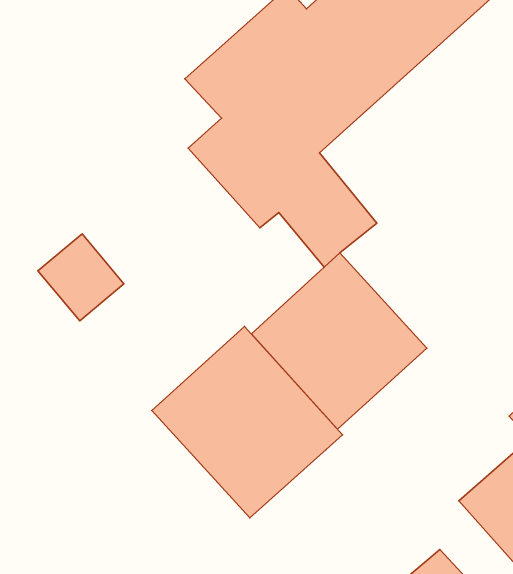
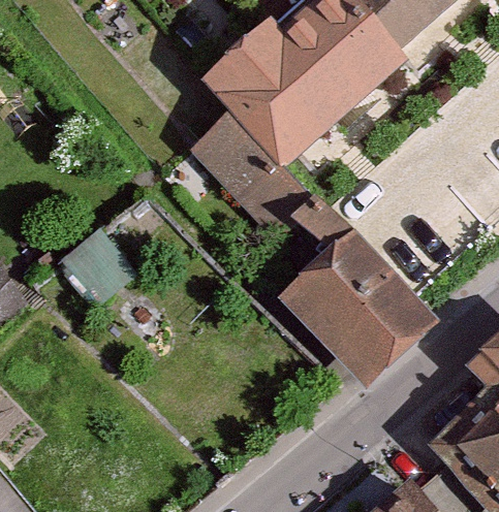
building: [152,327,342,518] -> none

